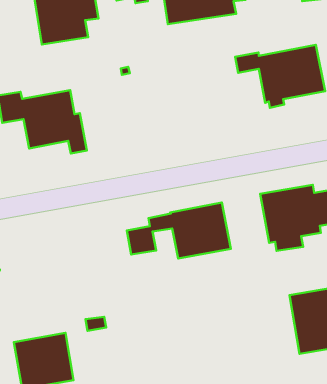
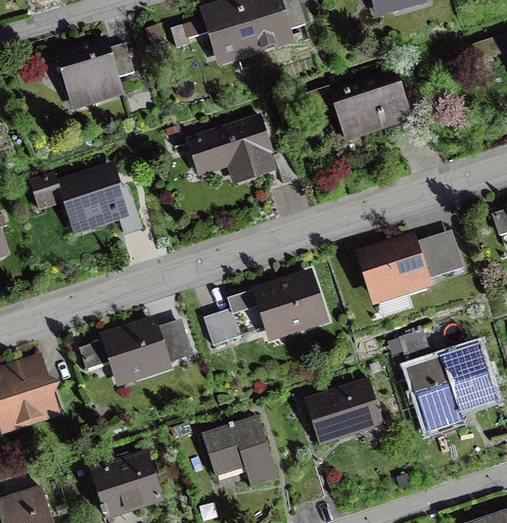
building: none -> [185,112,299,186]
building: none -> [80,315,193,387]
building: none -> [304,377,386,446]
building: none -> [201,415,278,488]

